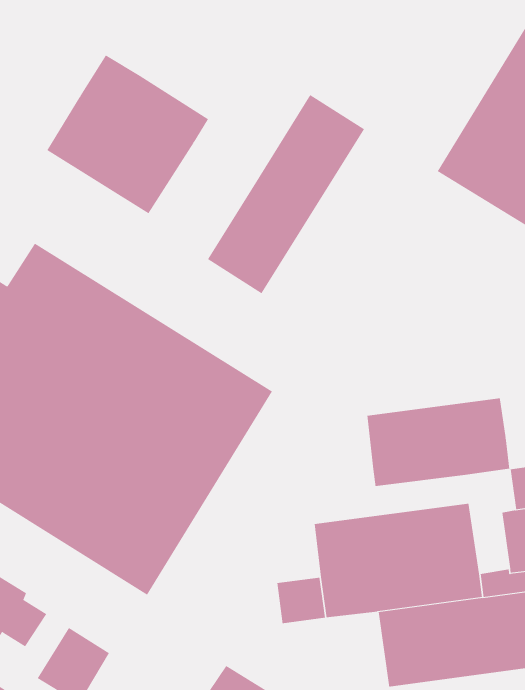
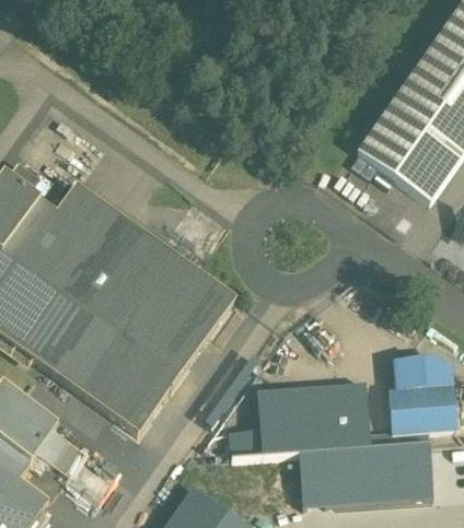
building: [46,55,209,214] -> none
building: [207,94,365,294] -> none
building: [367,397,510,487] -> none

